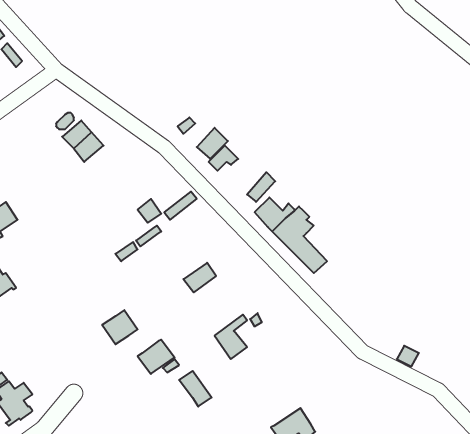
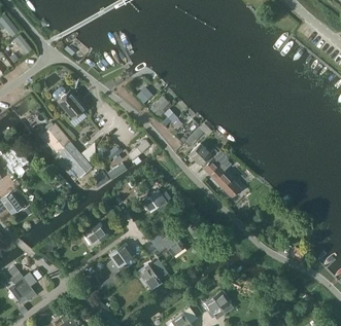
building: none -> [41,123,93,177]

